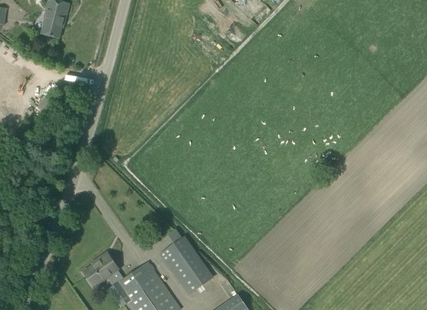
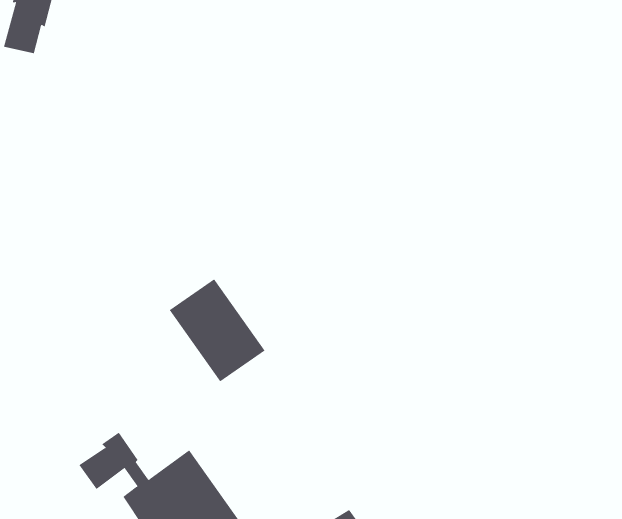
building: [159,235,214,294] -> [169,278,265,382]

